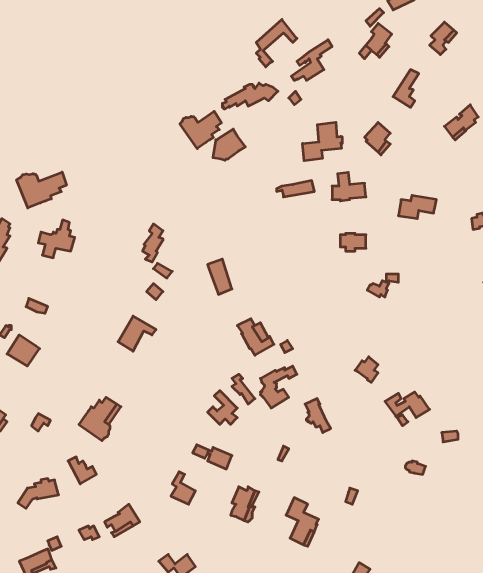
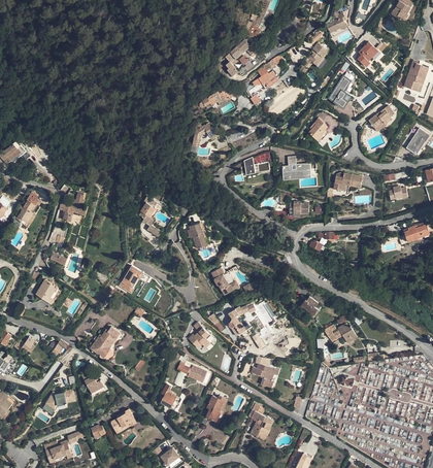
building: [180,111,221,149] -> none
building: [303,122,342,161] -> none
building: [17,172,66,208] -> none
building: none -> [251,357,274,388]

